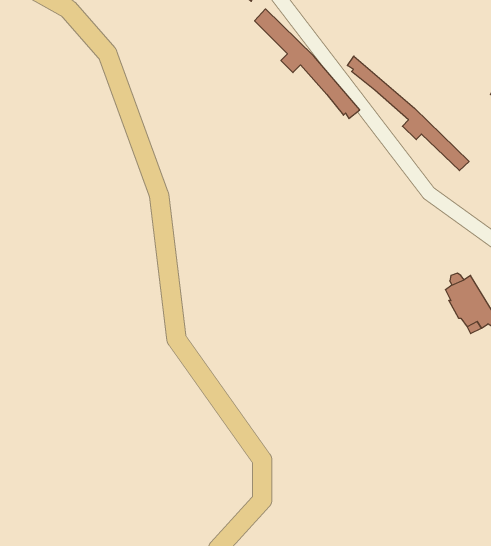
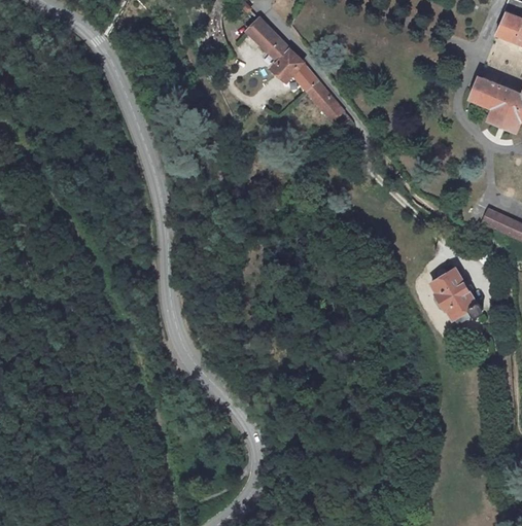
building: [347,56,469,171] -> none

